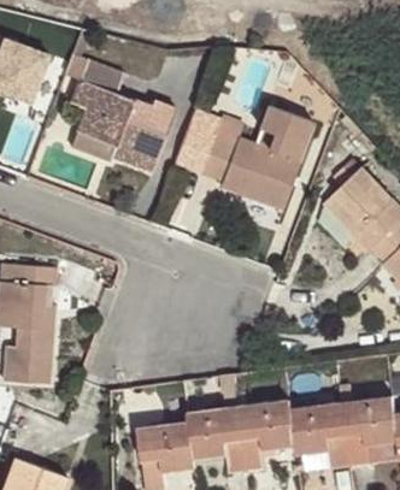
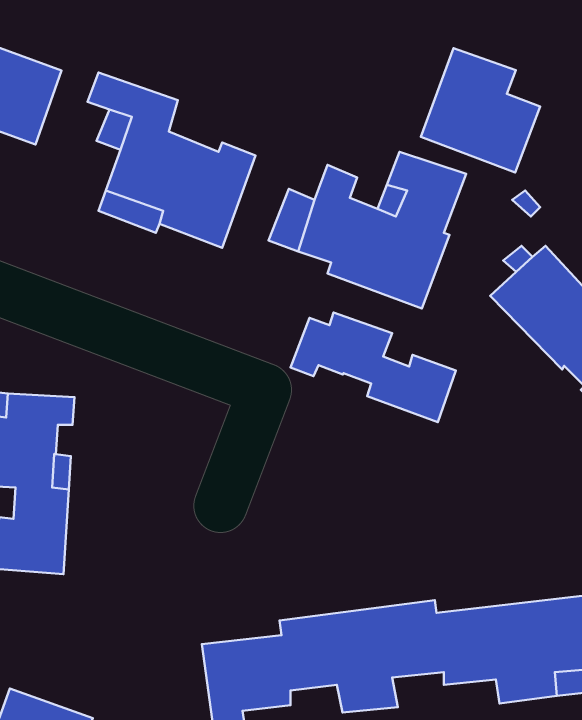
building: none -> [421,48,540,172]
building: none -> [290,312,456,422]

